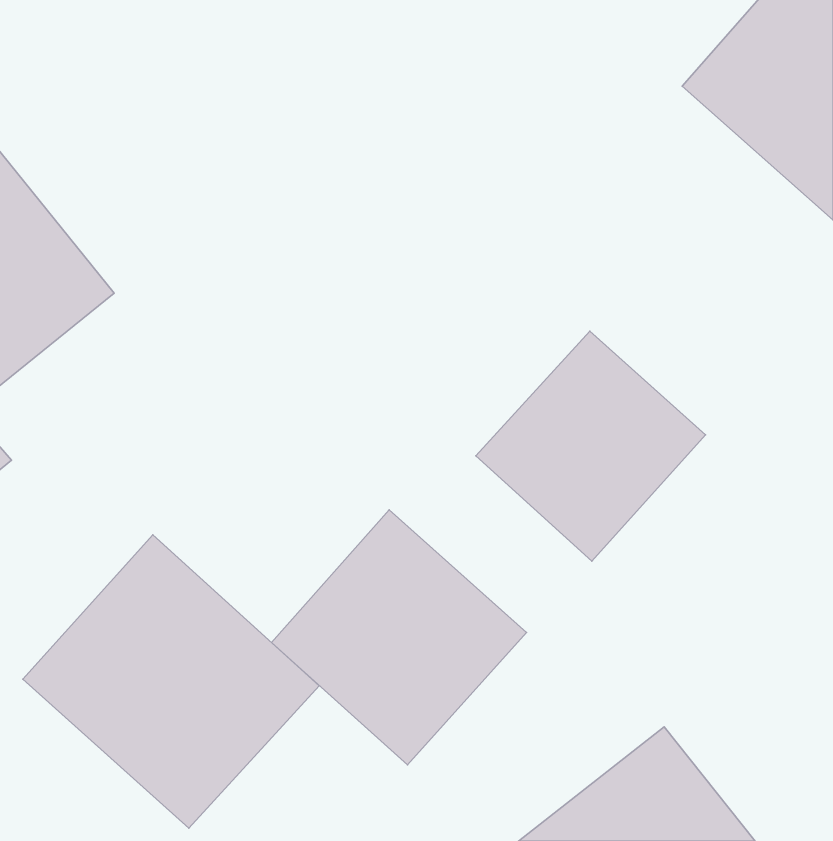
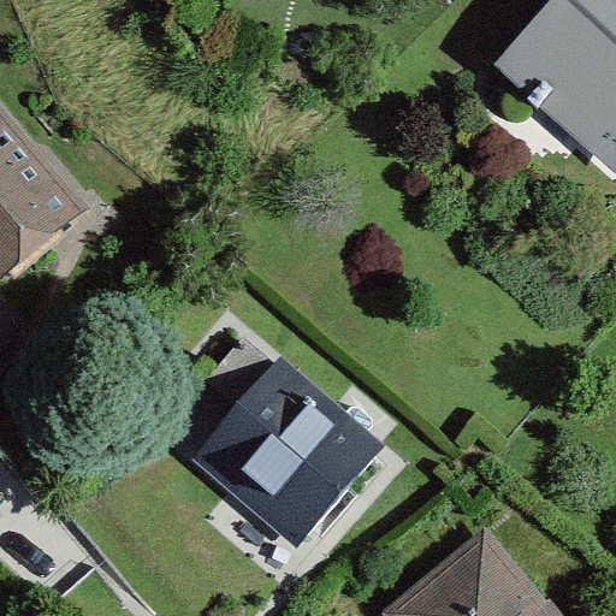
building: [476,331,706,561] -> none
building: [23,535,319,828] -> none

